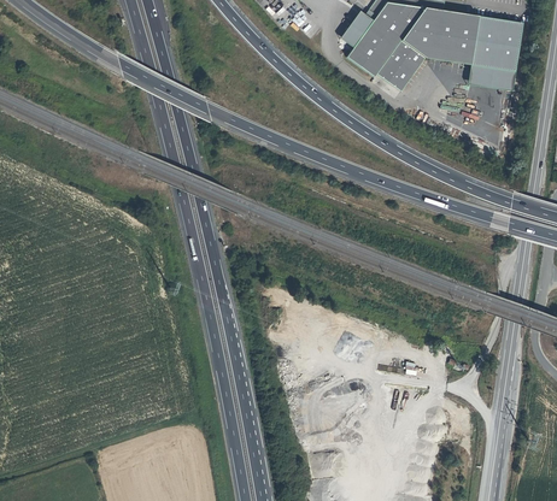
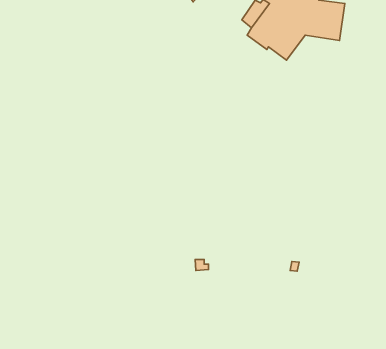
building: [468,14,522,90] -> none

